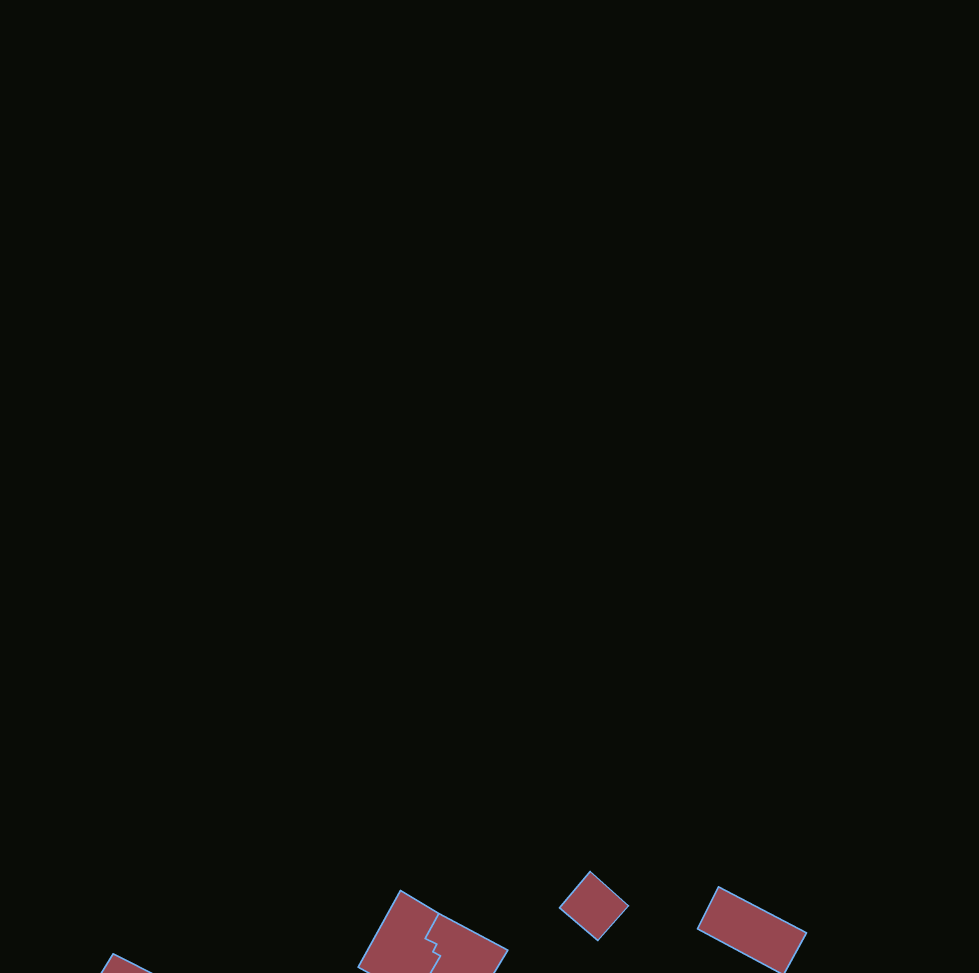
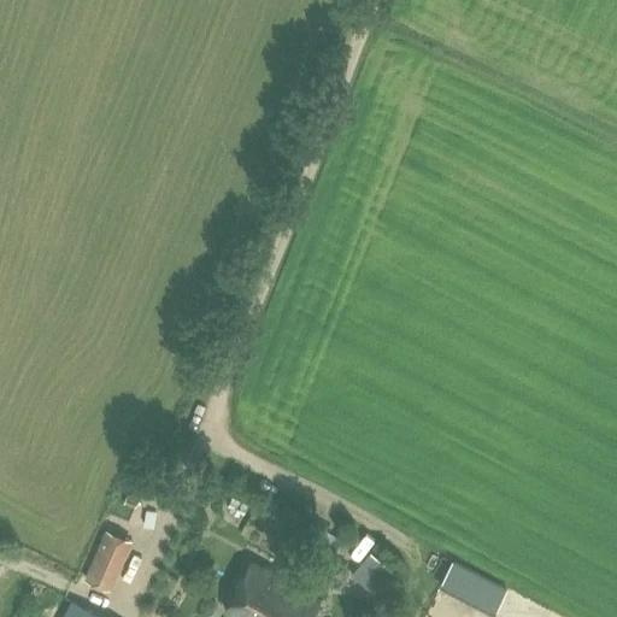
building: none -> [84,546,122,590]

